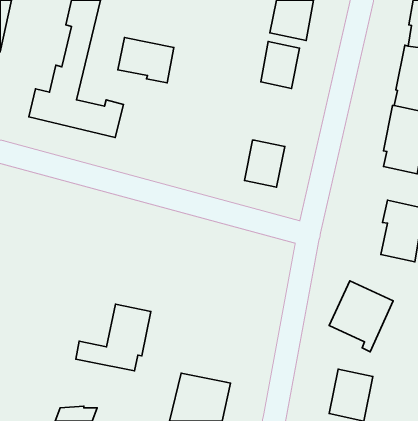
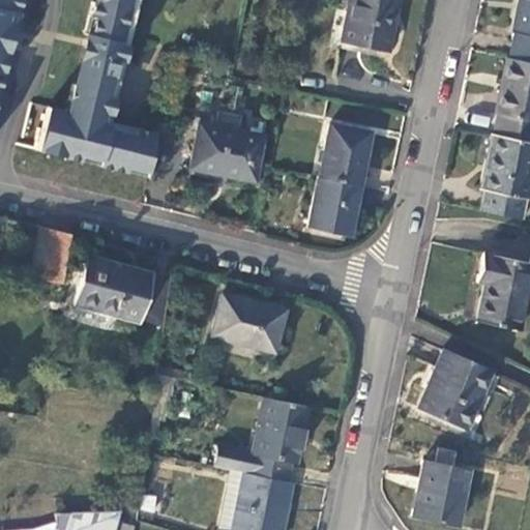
building: [118,38,174,83] -> [194,121,264,178]
building: [261,41,300,88] -> [323,125,372,184]
building: none -> [33,227,72,282]
building: none -> [77,256,173,329]
building: none -> [214,295,284,351]
building: [76,304,151,371] -> [214,396,308,480]

